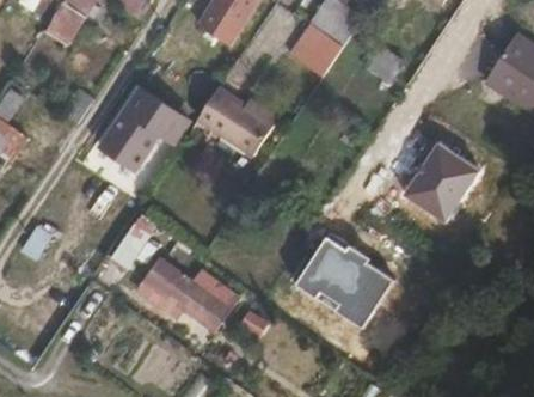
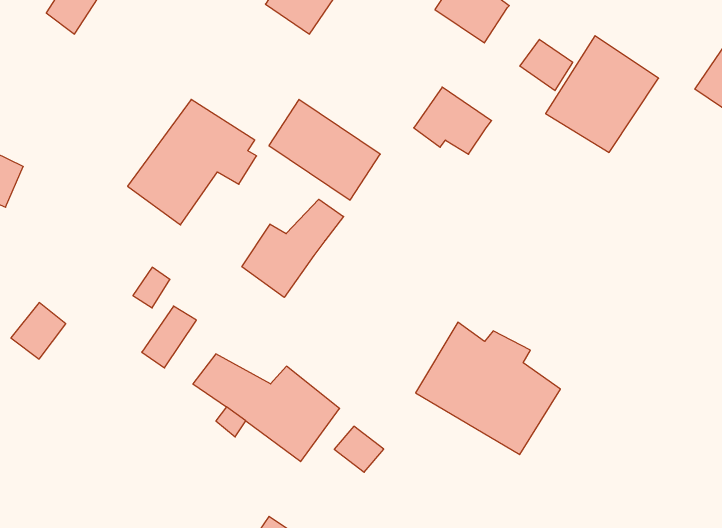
building: [288,26,340,72] -> [414,87,492,154]
building: [403,141,479,220] -> [546,36,659,152]
building: none -> [242,199,344,297]

